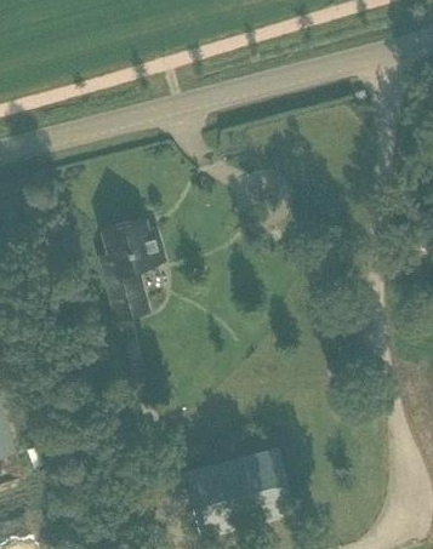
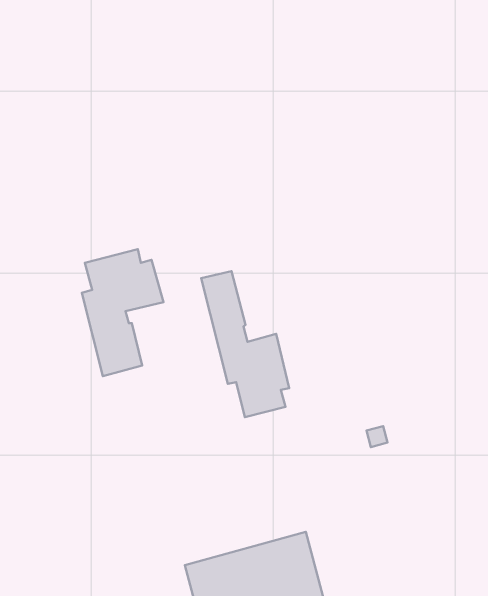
building: none -> [201,271,289,417]

